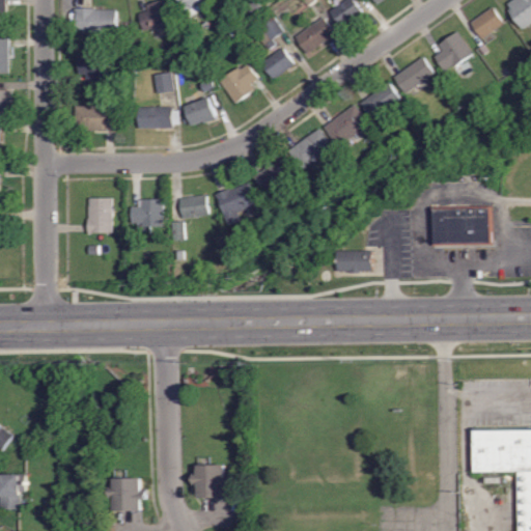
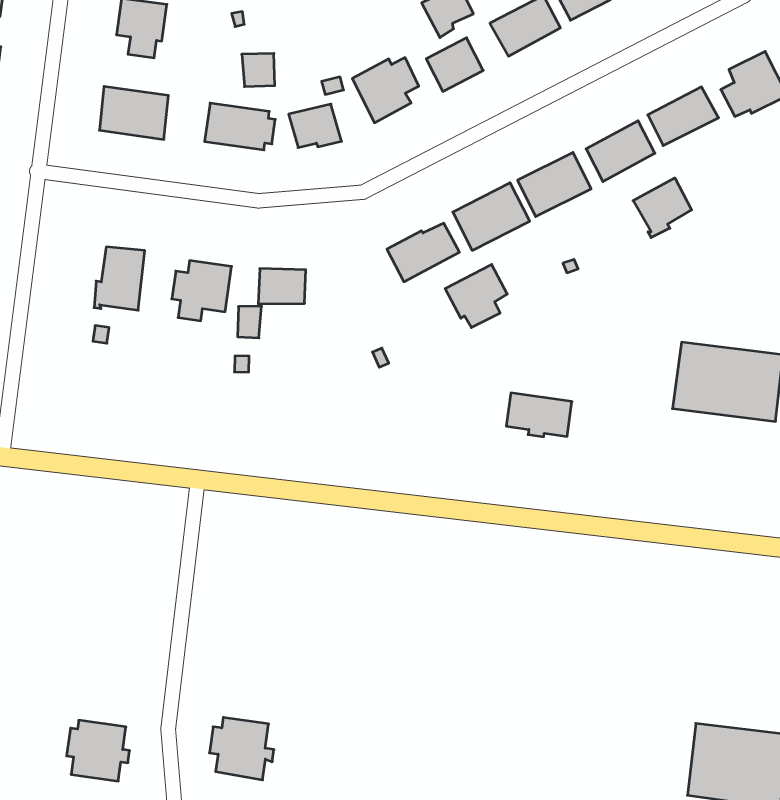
building: none -> [633,178,692,238]
building: none -> [445,264,507,328]
building: [214,184,257,226] -> none

